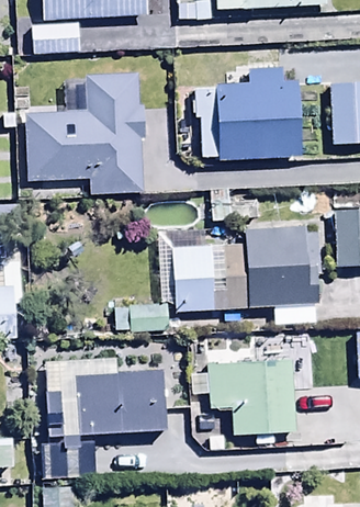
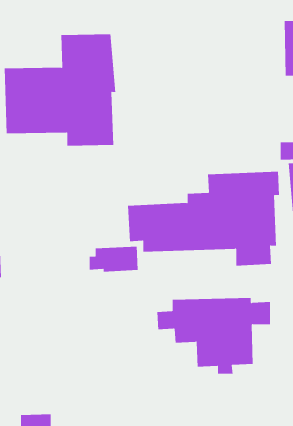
building: [192,68,302,156] -> none
building: [43,358,167,478] -> none

